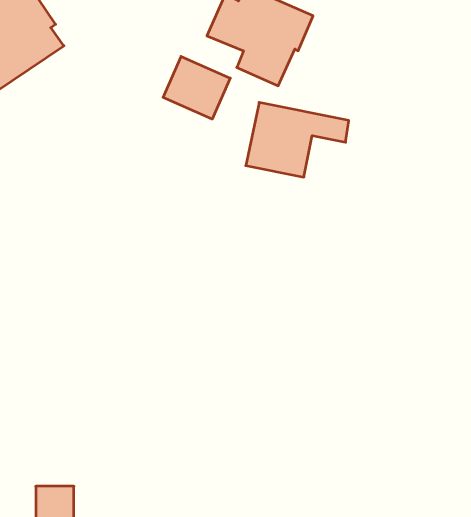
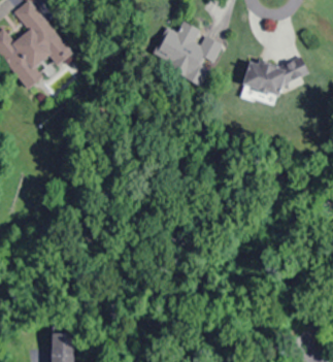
building: [163,56,230,119] -> none
building: [246,102,349,177] -> [241,58,305,104]

